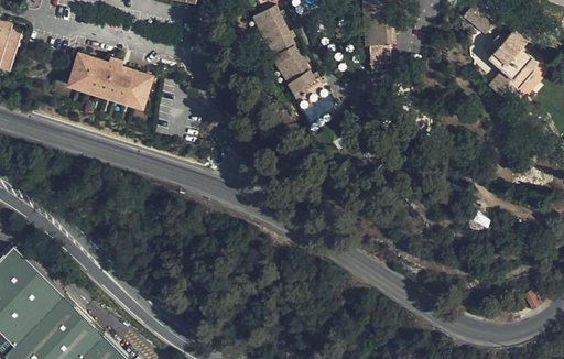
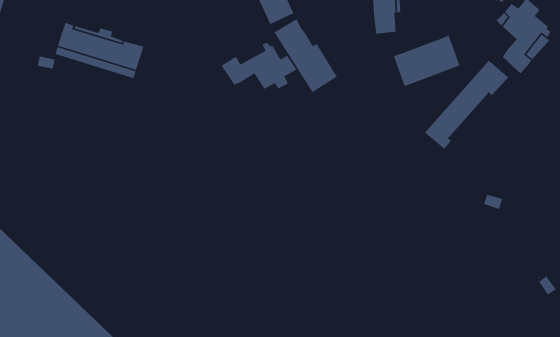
building: none -> [393,35,460,87]
building: none -> [221,42,297,90]
building: none -> [424,60,509,150]

